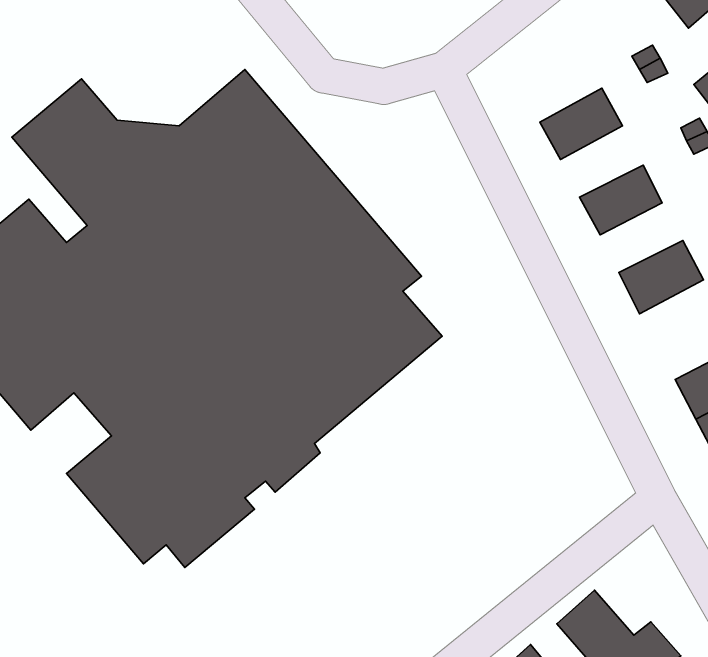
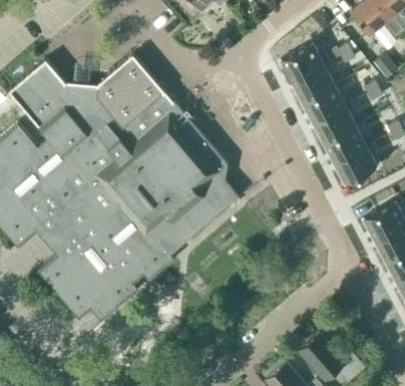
building: none -> [279,44,323,83]
building: none -> [301,85,345,123]
building: none -> [322,126,366,163]

